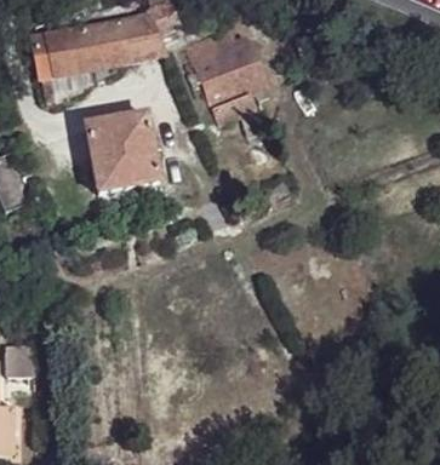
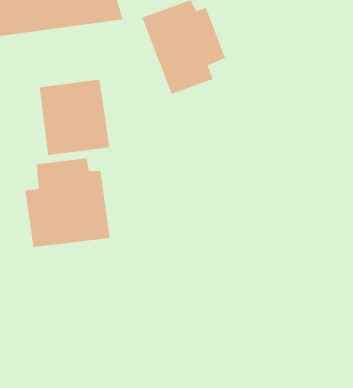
building: none -> [25,157,110,248]

